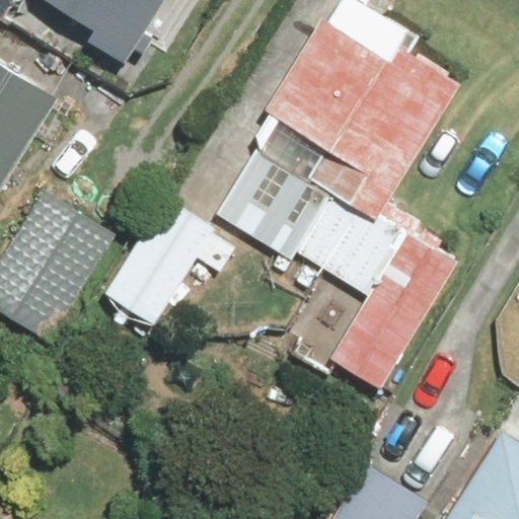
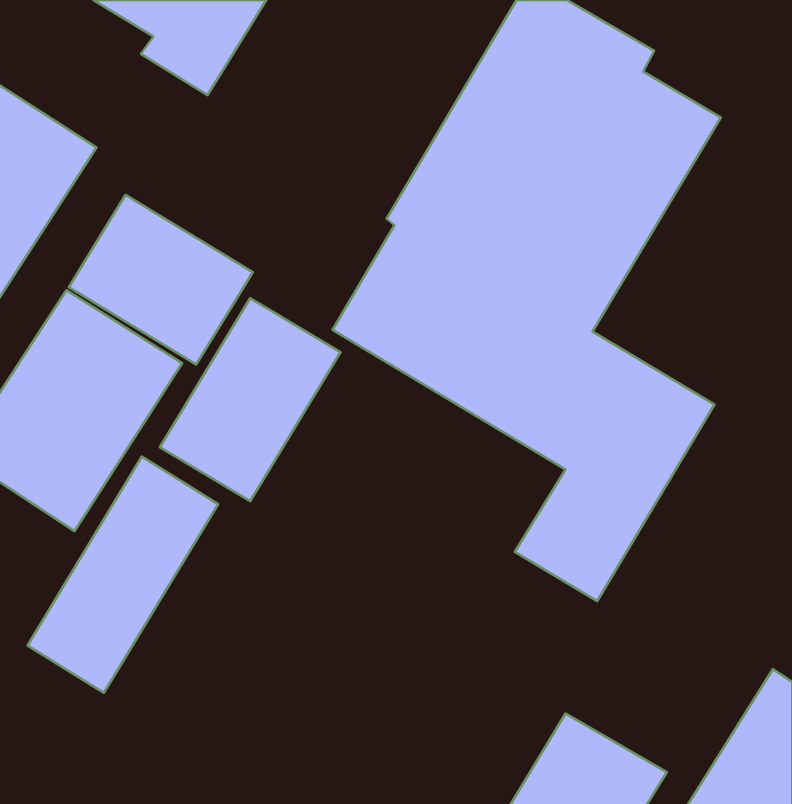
building: none -> [69,195,253,364]
building: none -> [27,457,218,693]

